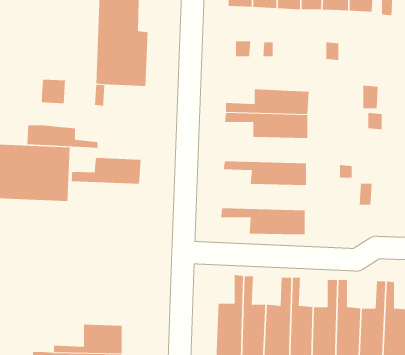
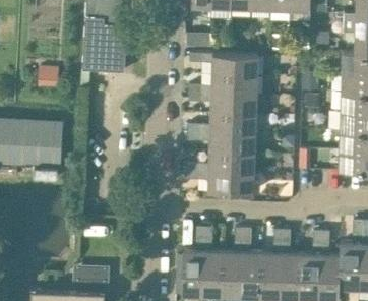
building: none -> [189,54,258,76]
building: [27,124,98,149] -> none
building: none -> [188,114,257,135]
building: [71,157,141,185] -> none
building: none -> [186,153,256,174]

